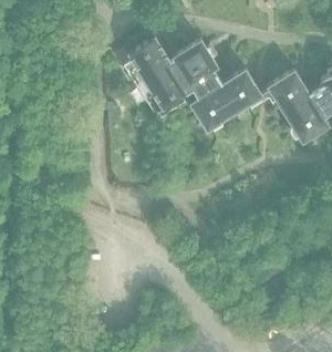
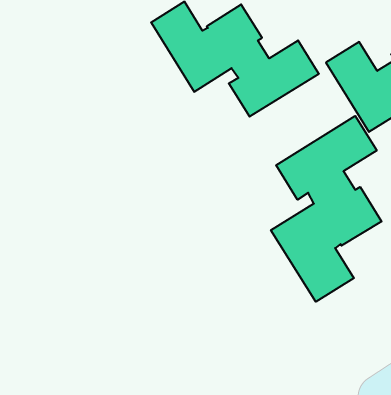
building: none -> [271,116,382,302]

